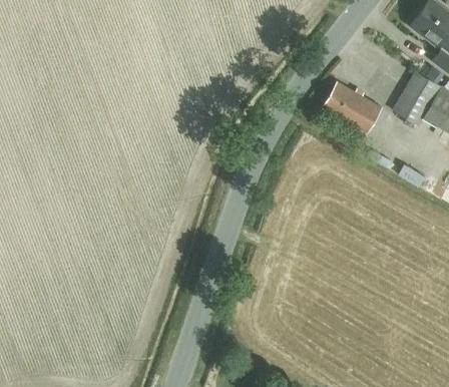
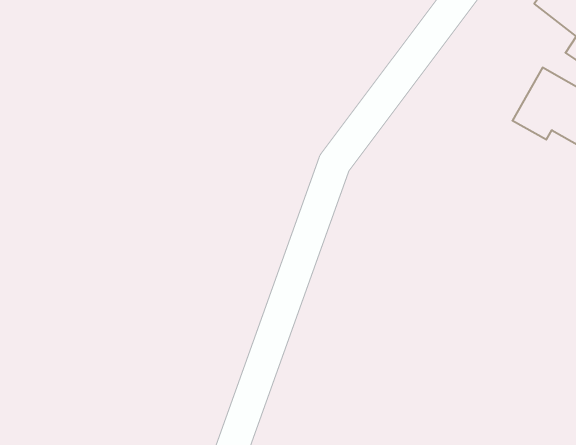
building: [324,83,380,133] -> none

